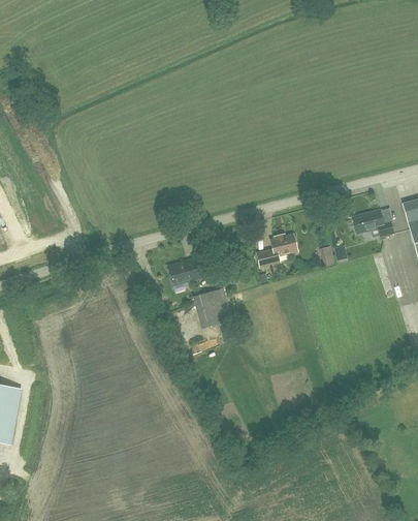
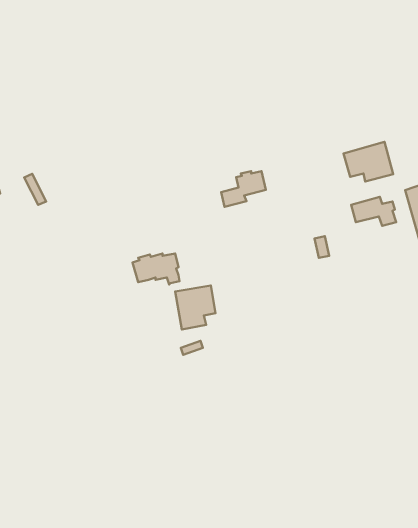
building: none -> [344,142,393,181]
building: [257,234,297,266] -> [221,171,266,207]

